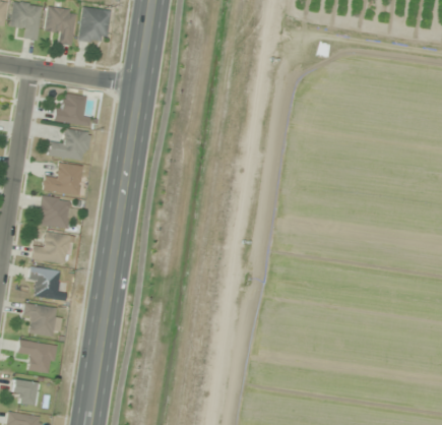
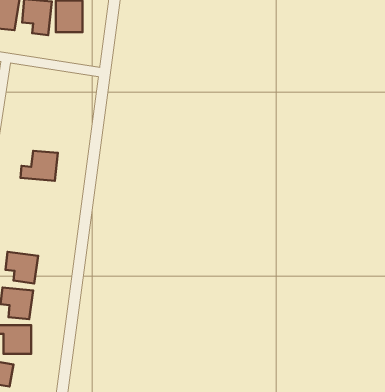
building: [56,94,90,126] -> none
building: [49,129,89,161] -> none
building: [38,196,71,229] -> none
building: [33,233,69,263] -> none

